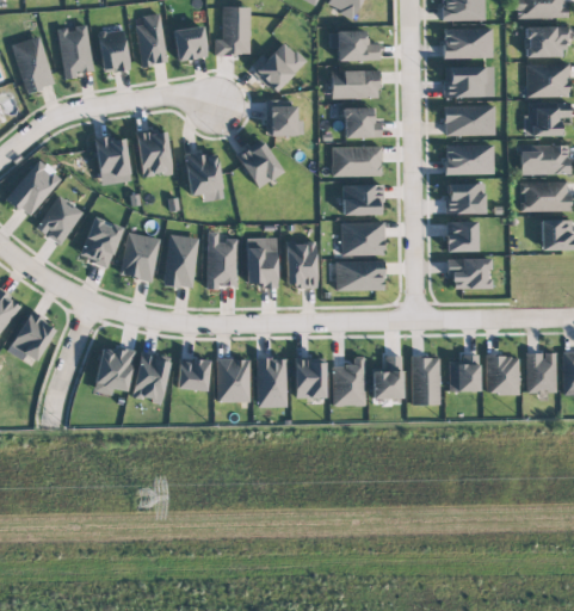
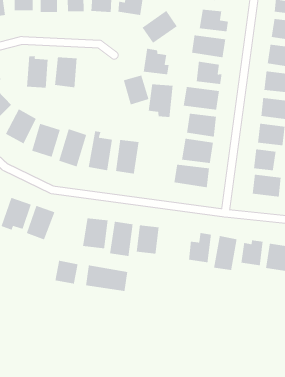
building: [187,152,222,200] -> [148,84,173,118]
building: [286,241,316,286] -> none
building: [333,357,365,406] -> none
building: [178,358,209,390] -> [54,260,78,285]
building: none -> [85,265,128,292]

